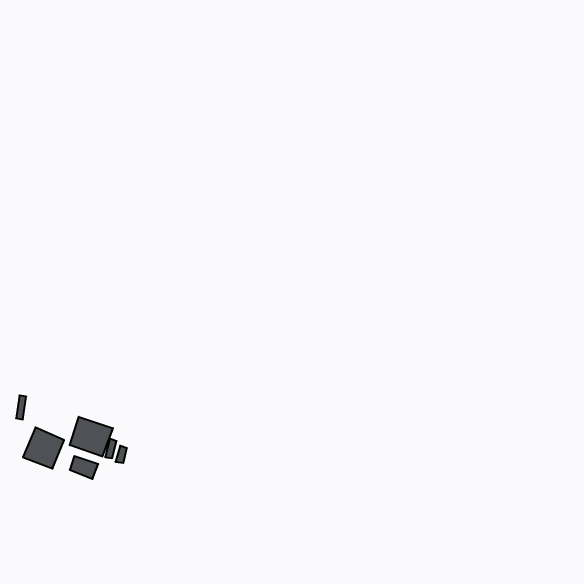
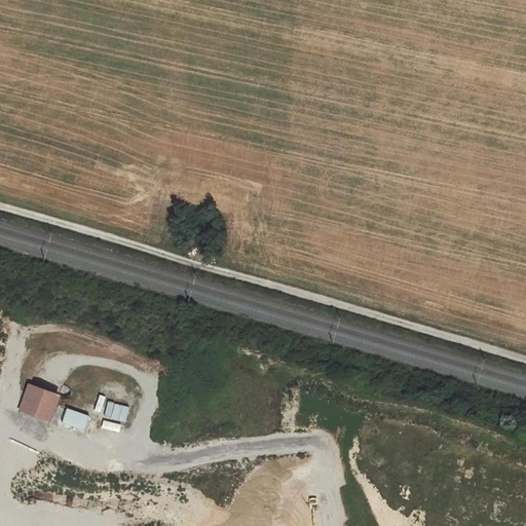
building: [70,417,113,457] -> none

